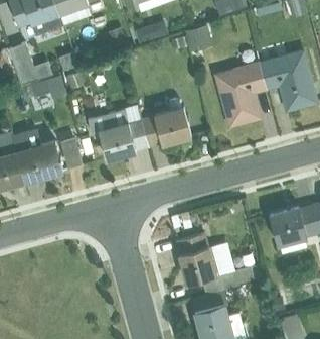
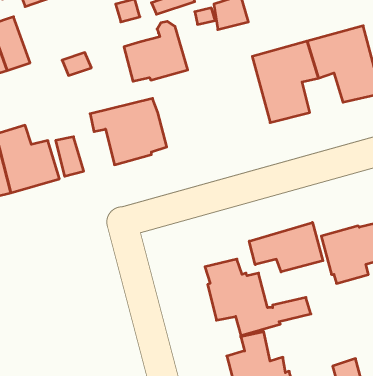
building: [31,75,67,99] -> none
building: [141,98,191,145] -> [124,21,188,81]
building: none -> [249,222,323,272]

